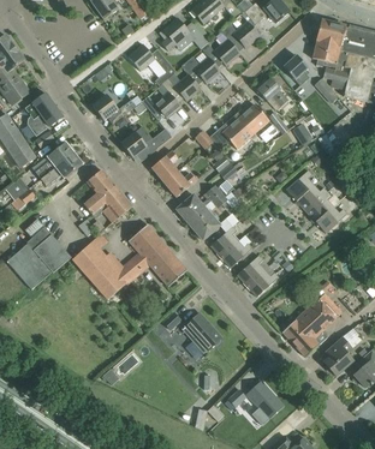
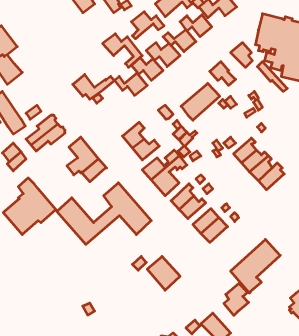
building: [24,92,62,136] -> none
building: [120,130,171,161] -> none
building: [323,337,353,376] -> [224,284,249,315]

